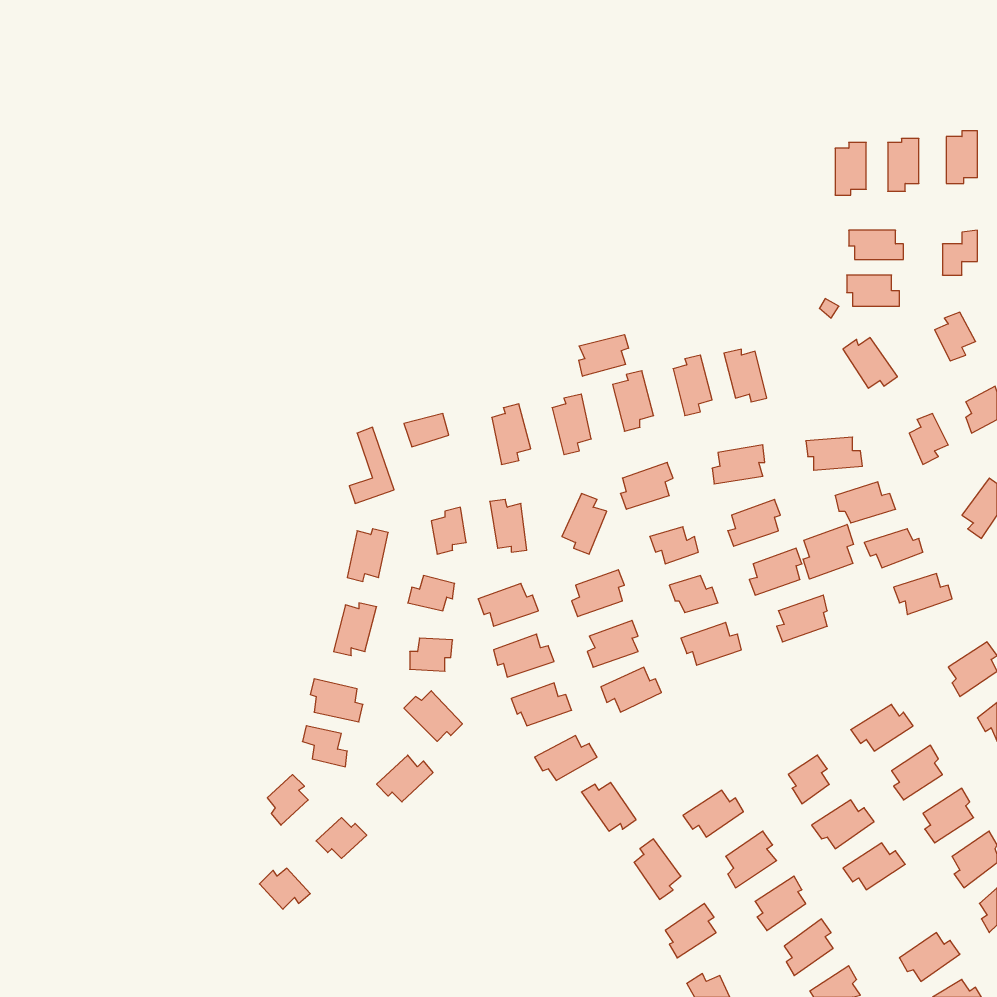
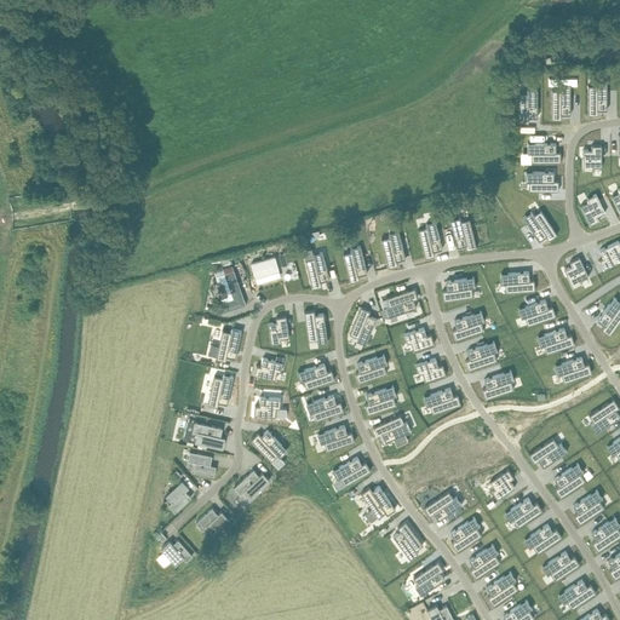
building: [579,335,629,376] -> none
building: [803,524,854,579] -> none
building: none -> [541,551,580,580]

